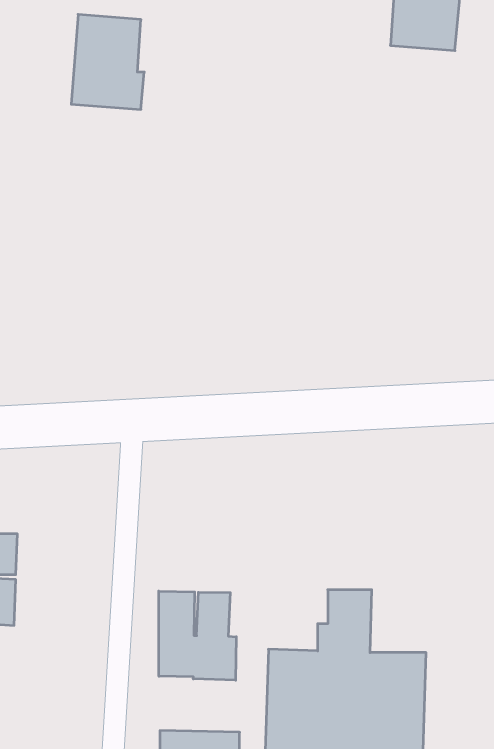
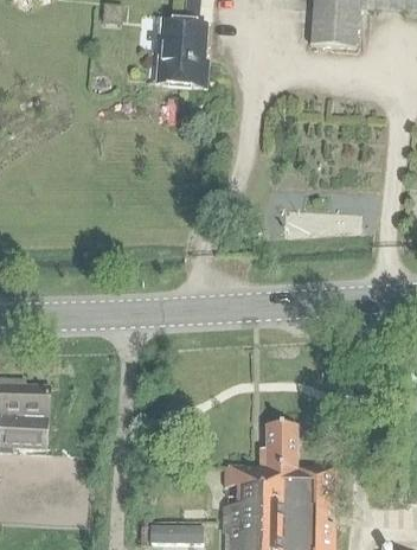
building: [71,14,144,109] -> [156,20,207,87]
building: [159,591,236,680] -> none

